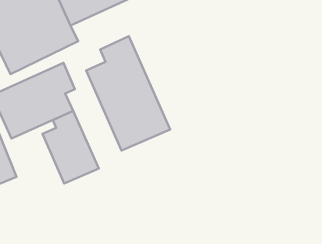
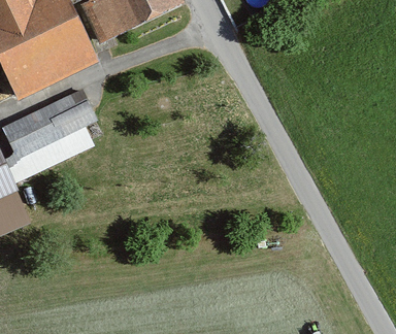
building: [86,36,170,151] -> none
building: [42,111,99,184] -> none

